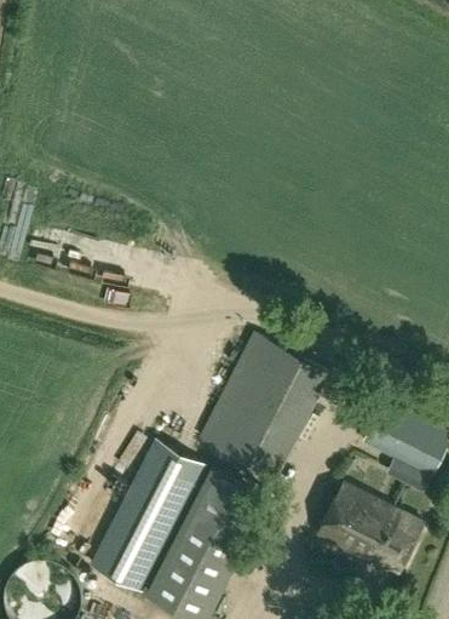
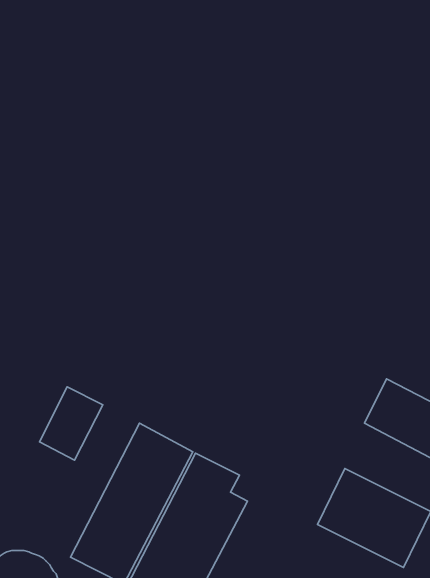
building: [197,337,326,478] -> none
building: none -> [40,387,103,460]

